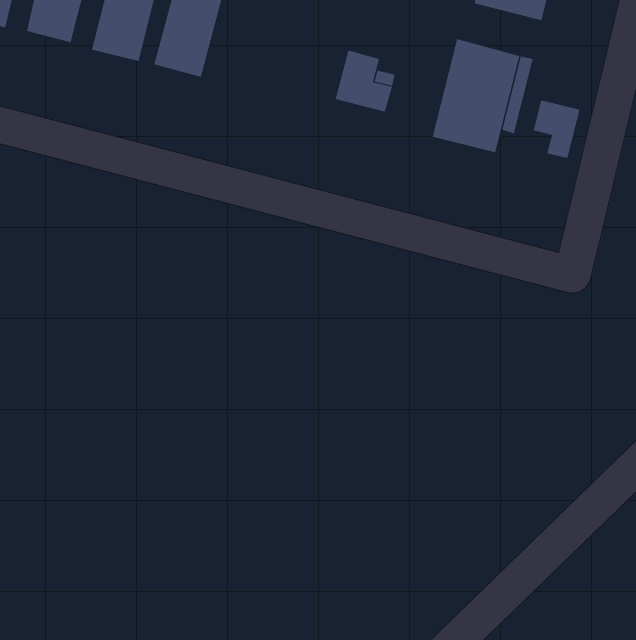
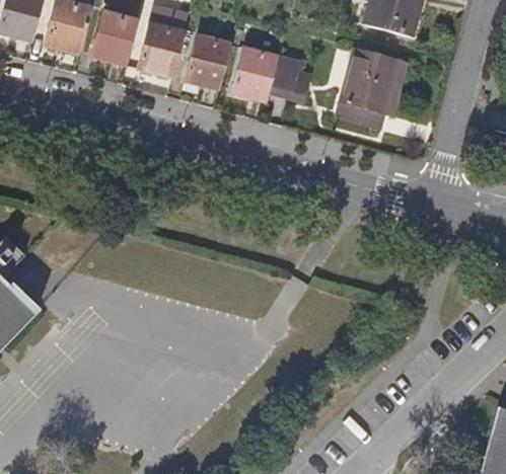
building: none -> [186,35,232,89]
building: none -> [230,47,277,99]
building: [533,99,580,159] -> none

